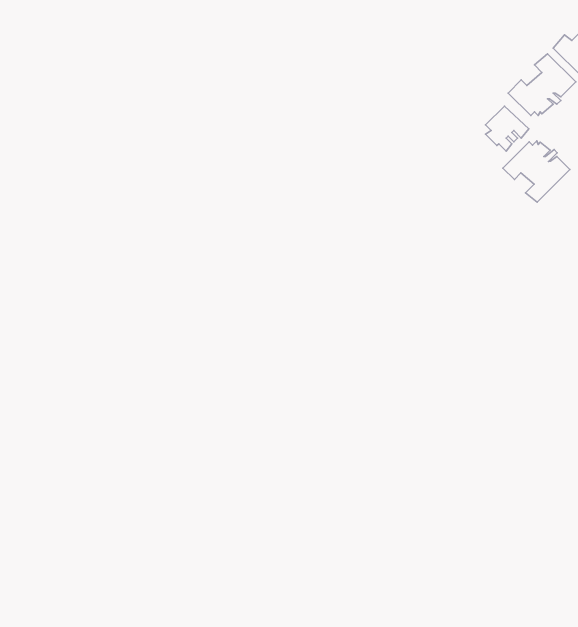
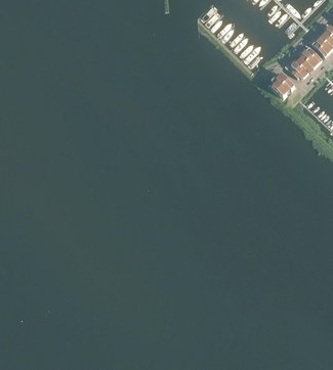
building: [503,141,570,202] -> none

